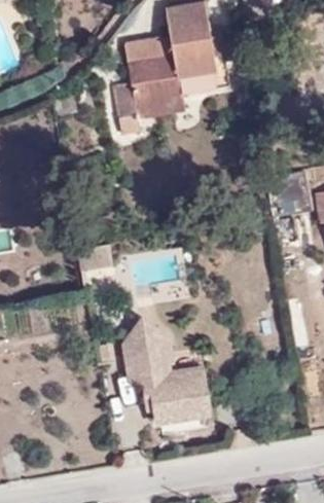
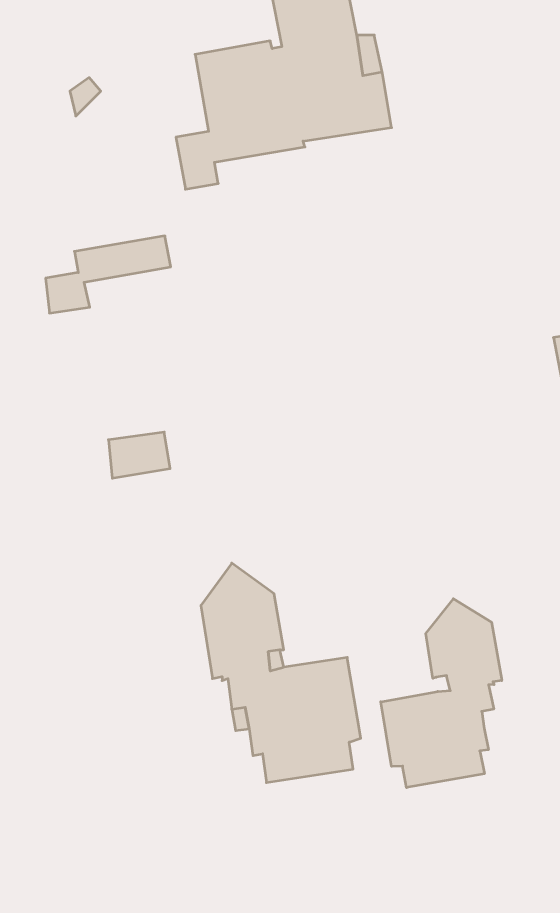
building: [117,93,184,134] -> [46,236,171,313]
building: none -> [381,599,502,788]

